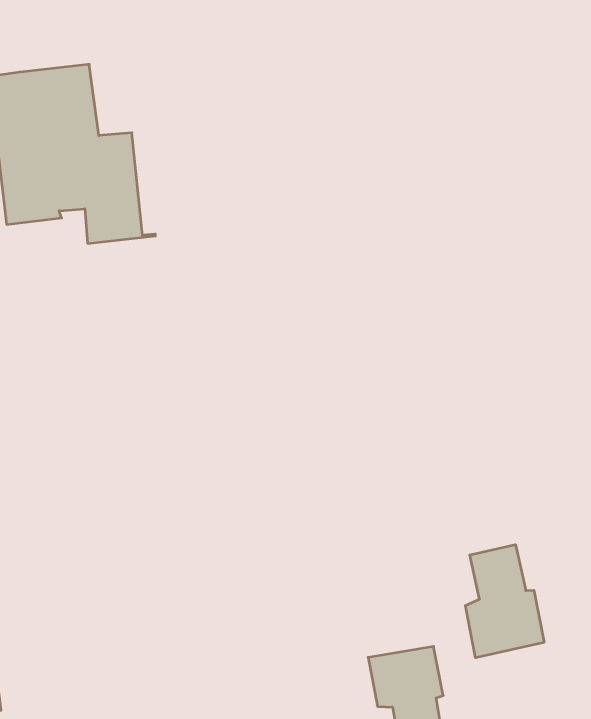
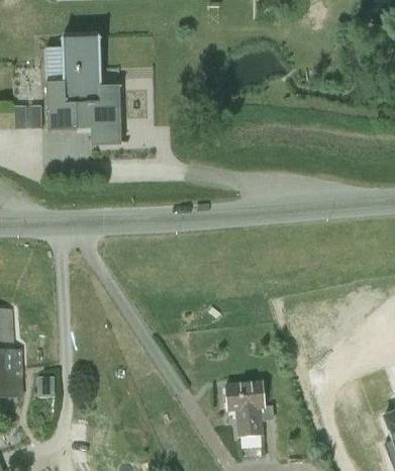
building: [465,545,544,658] -> none

